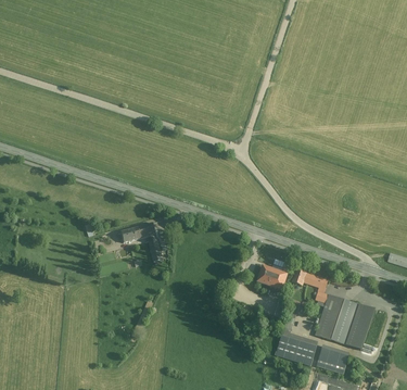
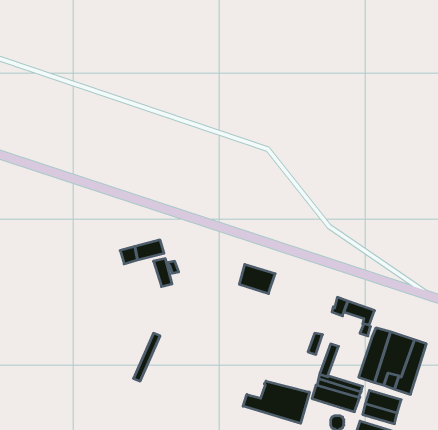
building: [258,266,288,290] -> [239,264,275,294]
building: none -> [243,381,309,423]

